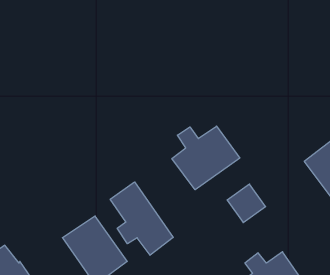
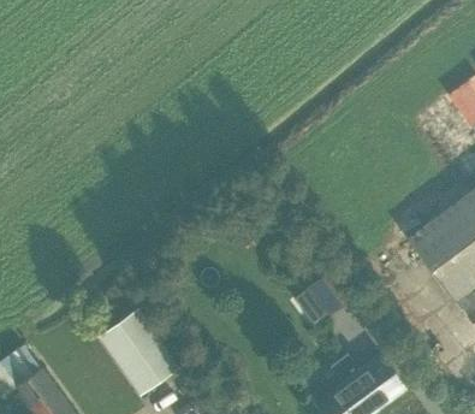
building: [172,126,240,190] -> none
building: [110,182,173,255] -> none

